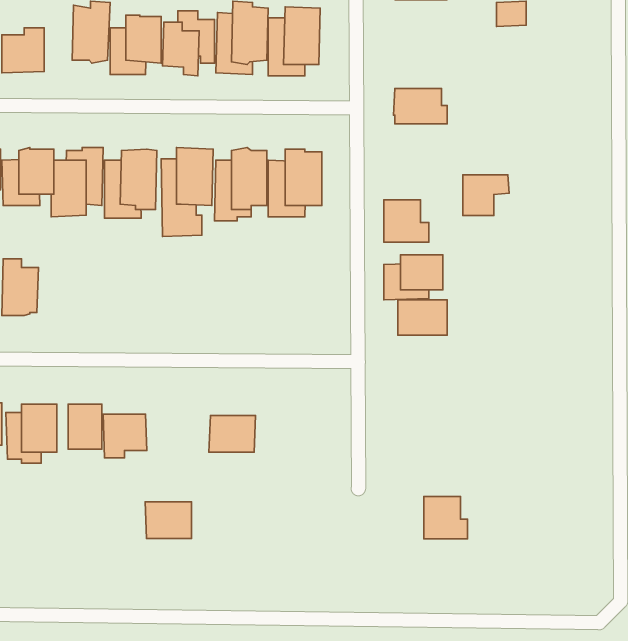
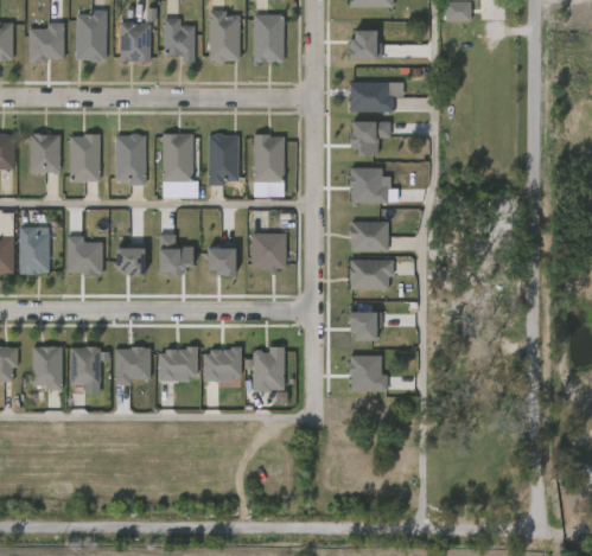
building: none -> [349,31,375,59]
building: [463,175,509,216] -> [350,122,389,156]
building: none -> [249,234,285,270]
building: none -> [157,235,192,275]
building: none -> [65,236,102,274]
building: none -> [115,243,144,274]
building: none -> [205,244,235,274]
building: none -> [350,312,375,341]
building: none -> [252,347,282,391]
building: [424,497,467,539] -> [349,356,386,391]
building: [145,502,192,538] -> [157,350,196,381]

